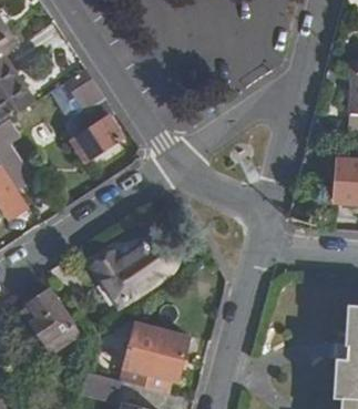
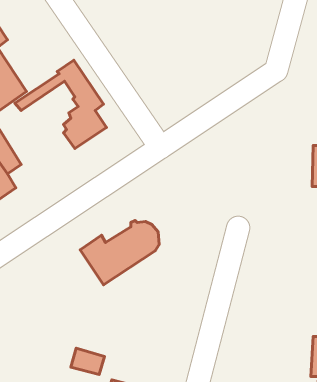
building: [23,290,75,350] -> none
building: [119,323,185,392] -> none

